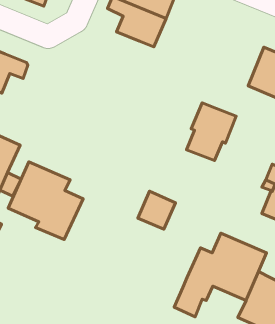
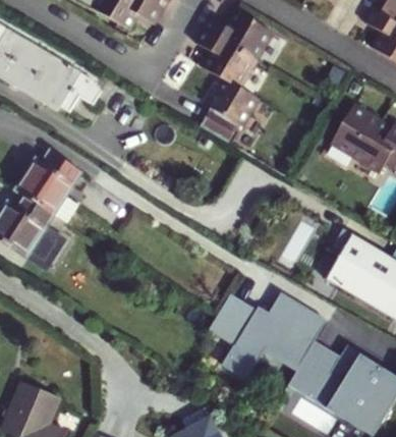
building: [187,103,236,160] -> [201,80,258,143]
building: [8,162,83,240] -> none
building: [138,191,176,229] -> [213,292,254,334]

